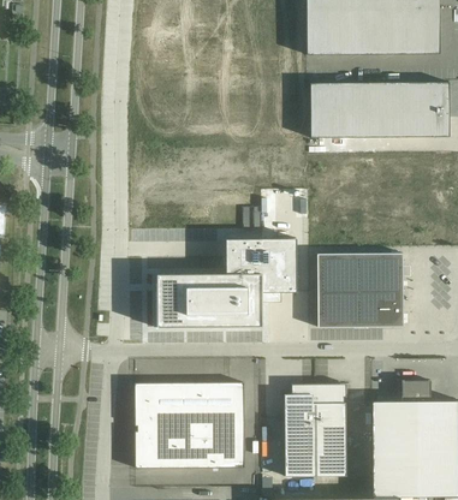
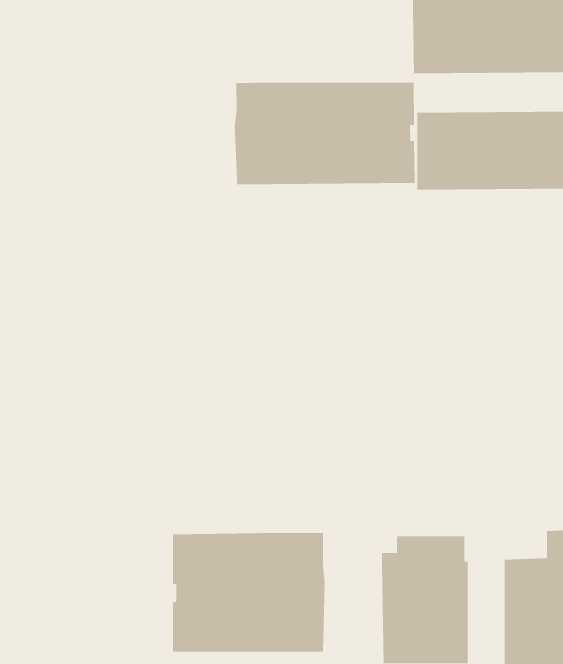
building: none -> [234,82,415,185]
building: [156,238,297,327] -> none
building: [316,254,403,327] -> none

